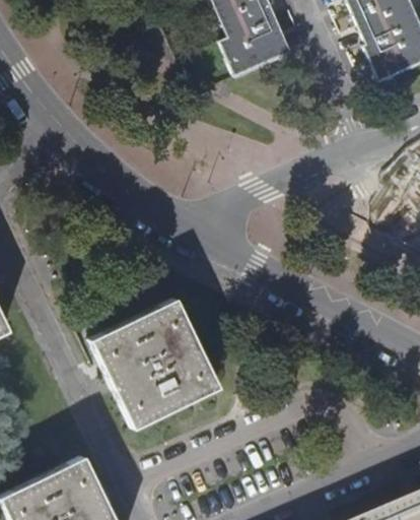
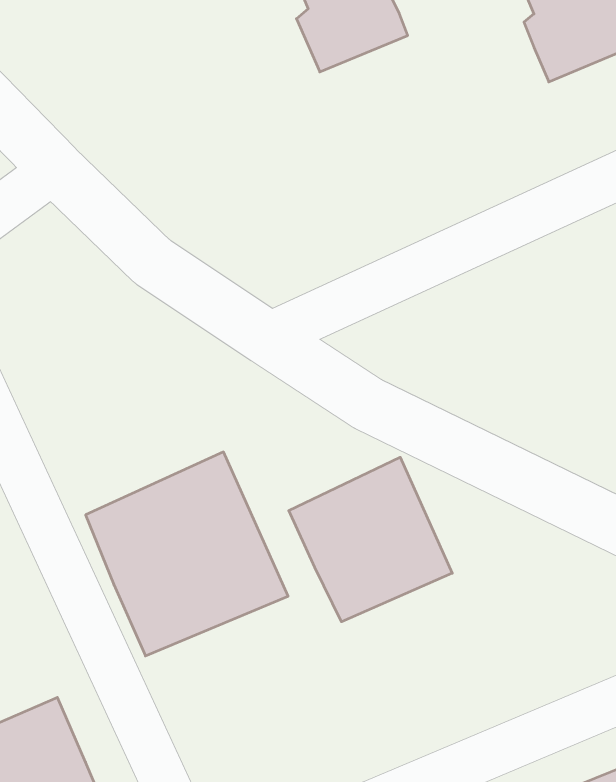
building: none -> [289,457,452,622]

